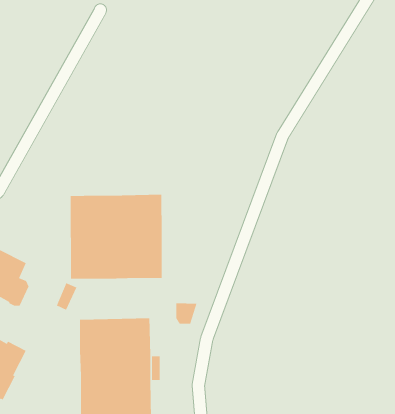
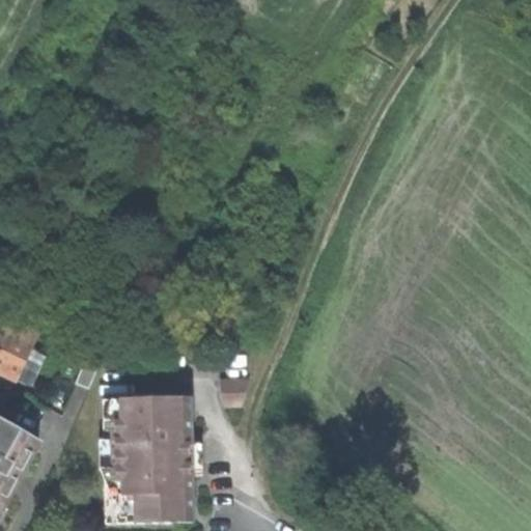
building: [70,194,163,280] -> none

